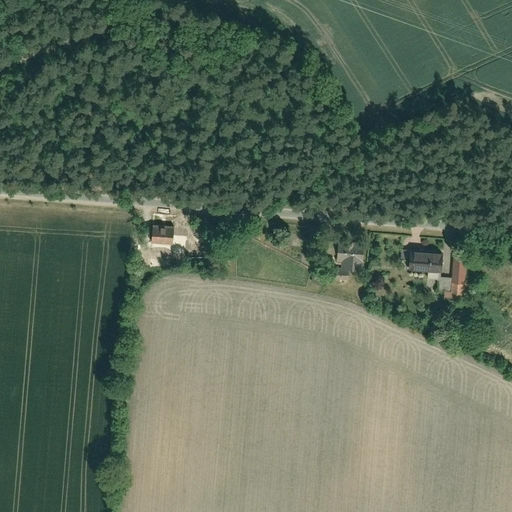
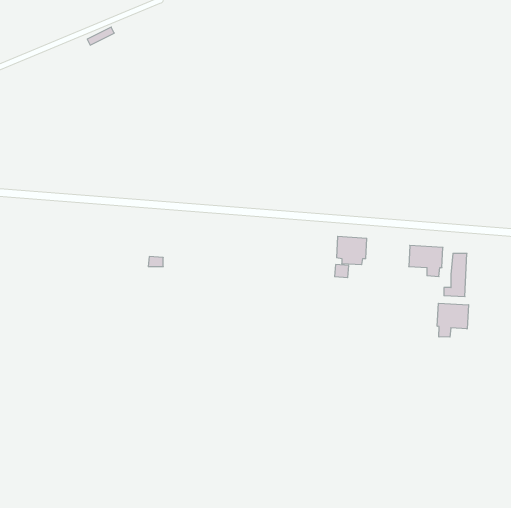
building: [150,226,174,247] -> none
building: none -> [437,303,469,337]

